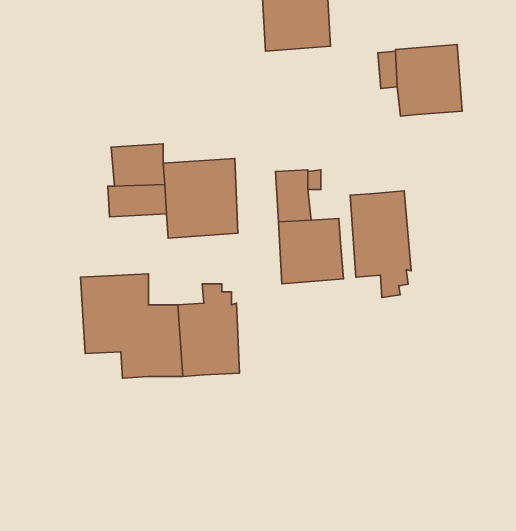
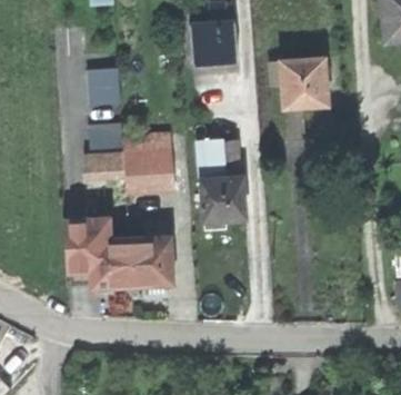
building: none -> [88,68,121,107]
building: [350,191,411,298] -> none

